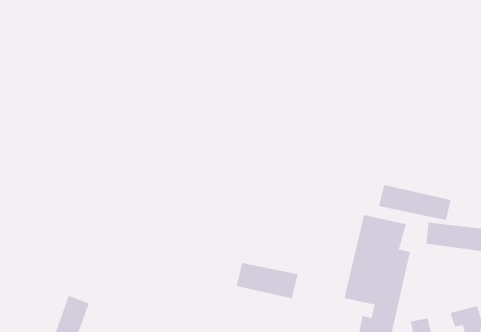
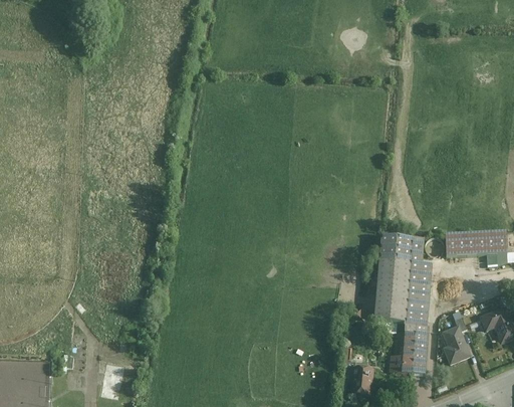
building: [378,184,452,221] -> none
building: [236,262,299,299] -> none

